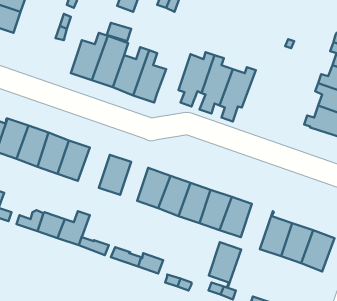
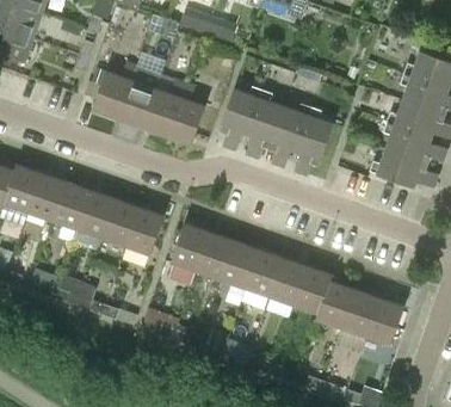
building: none -> [294,107,334,175]
building: none -> [100,199,138,247]
building: [209,242,241,288] -> [294,266,332,320]

